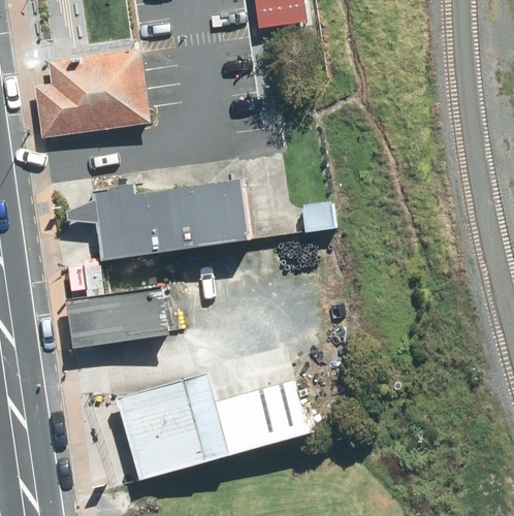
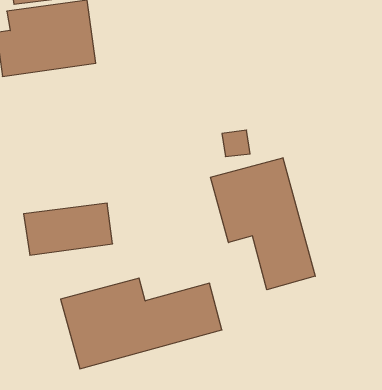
building: [93,179,251,260] -> none
building: none -> [210,158,315,290]

